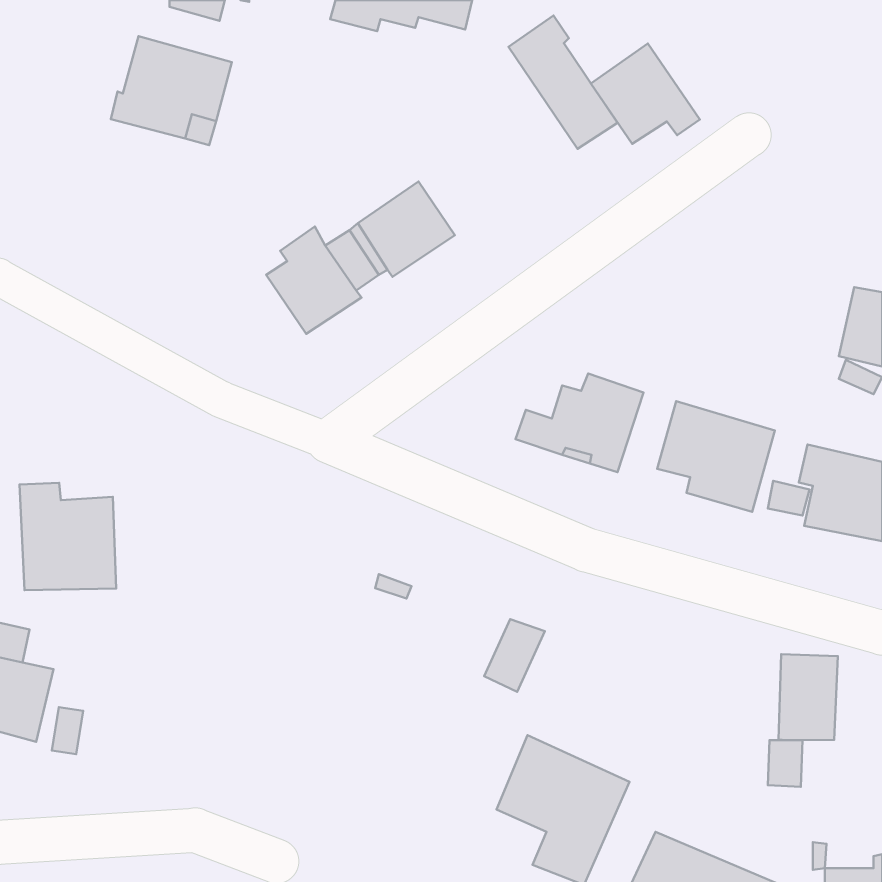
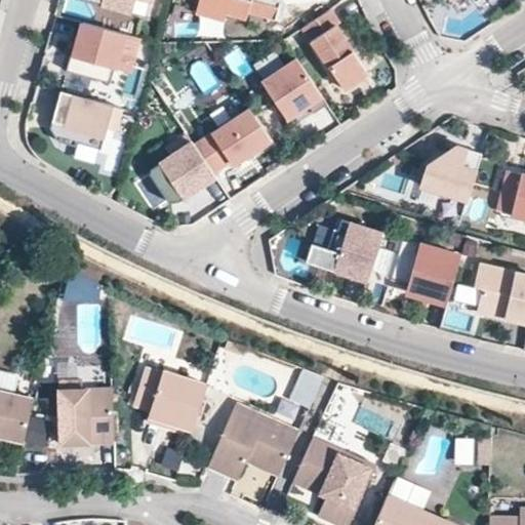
building: [591,44,700,144] -> [261,59,326,119]
building: none -> [49,91,120,150]
building: none -> [419,147,481,201]
building: [19,483,116,590] -> [56,378,114,442]
building: none -> [132,368,205,429]
building: [779,654,838,740] -> none
building: none -> [207,402,298,478]

